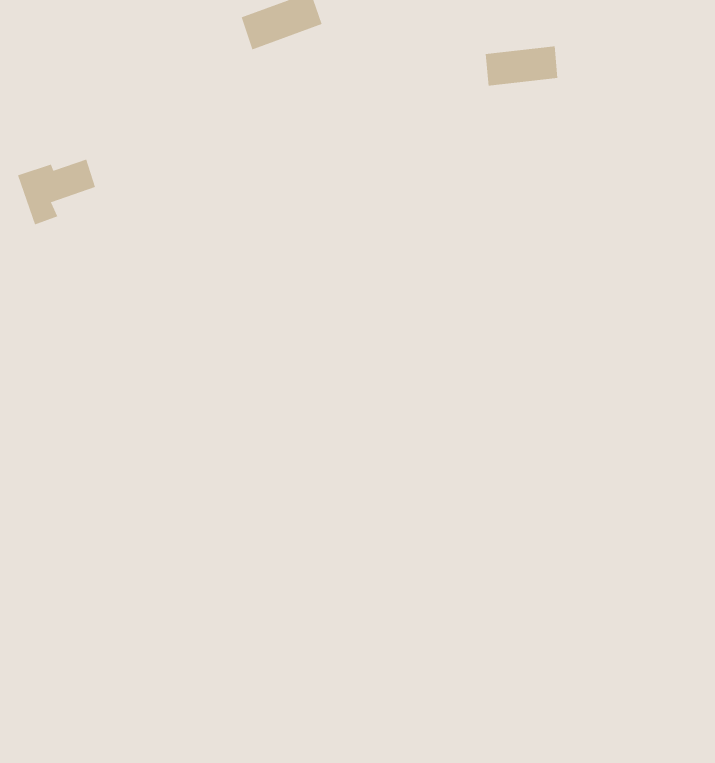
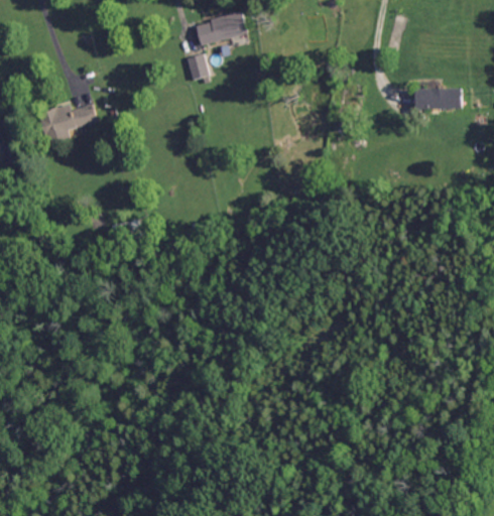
building: [485,46,558,86] -> [415,88,460,109]
building: none -> [184,54,205,79]

